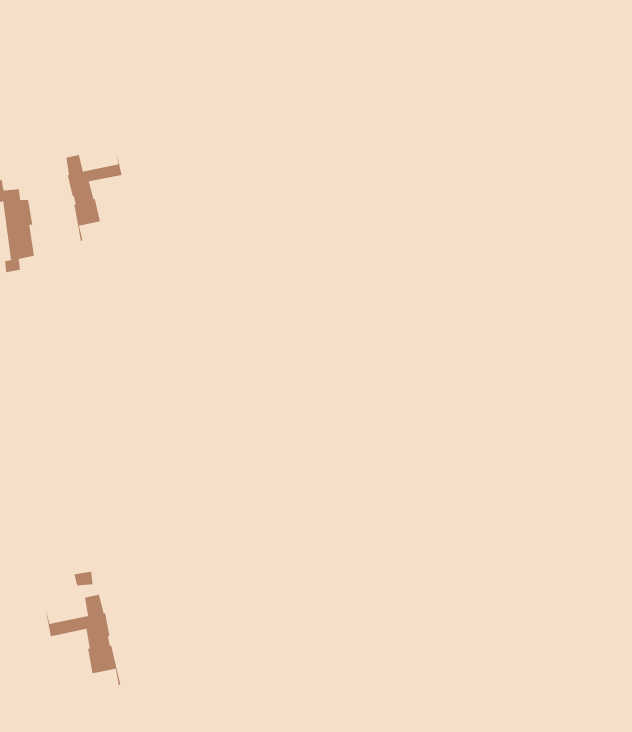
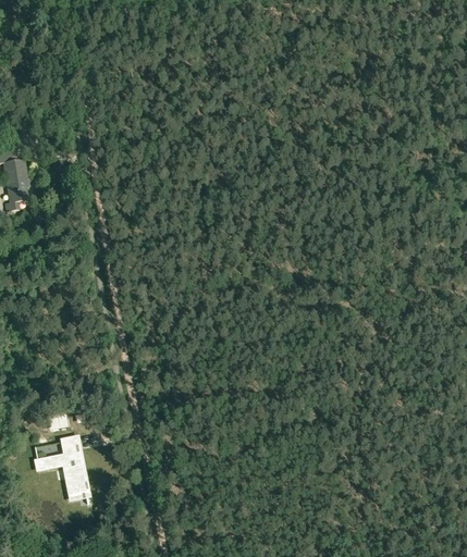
building: [65,146,123,242] -> none

